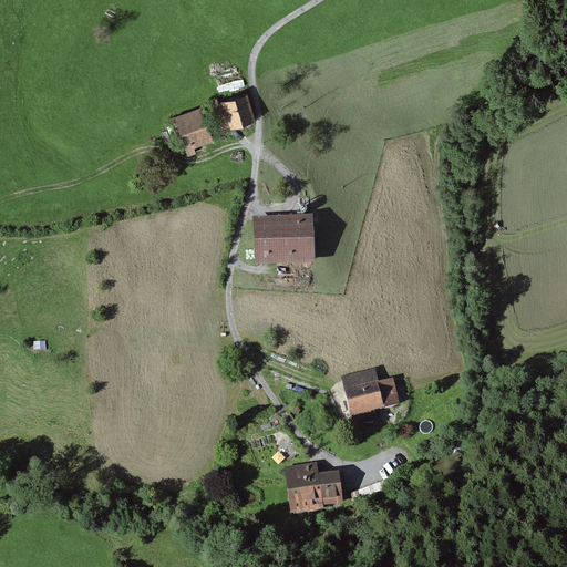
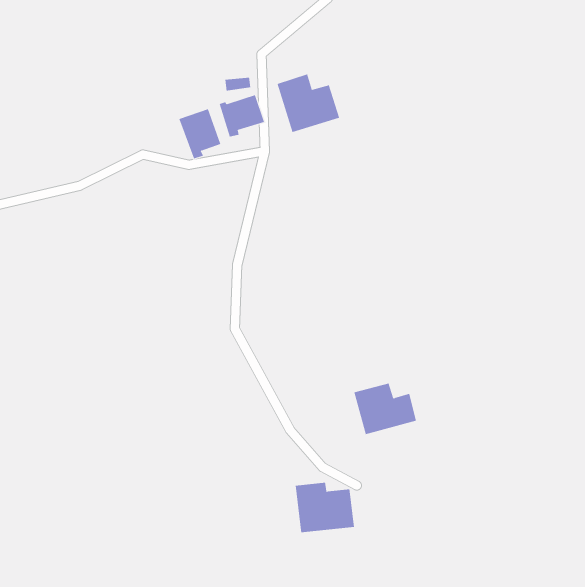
building: none -> [277,74,340,133]
building: [255,214,317,266] -> none

